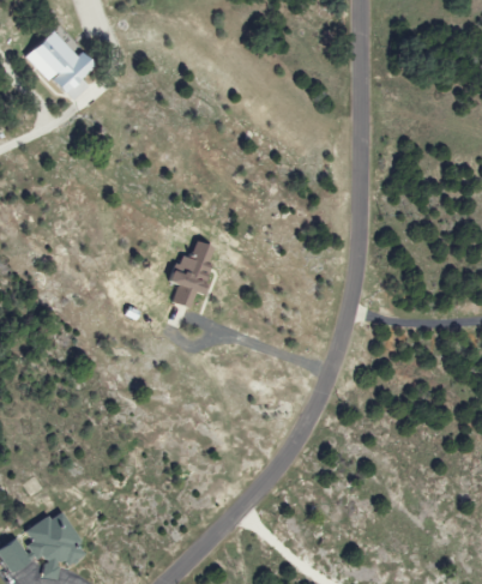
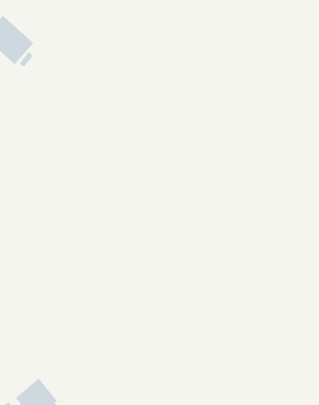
building: [170,242,213,311] -> none

